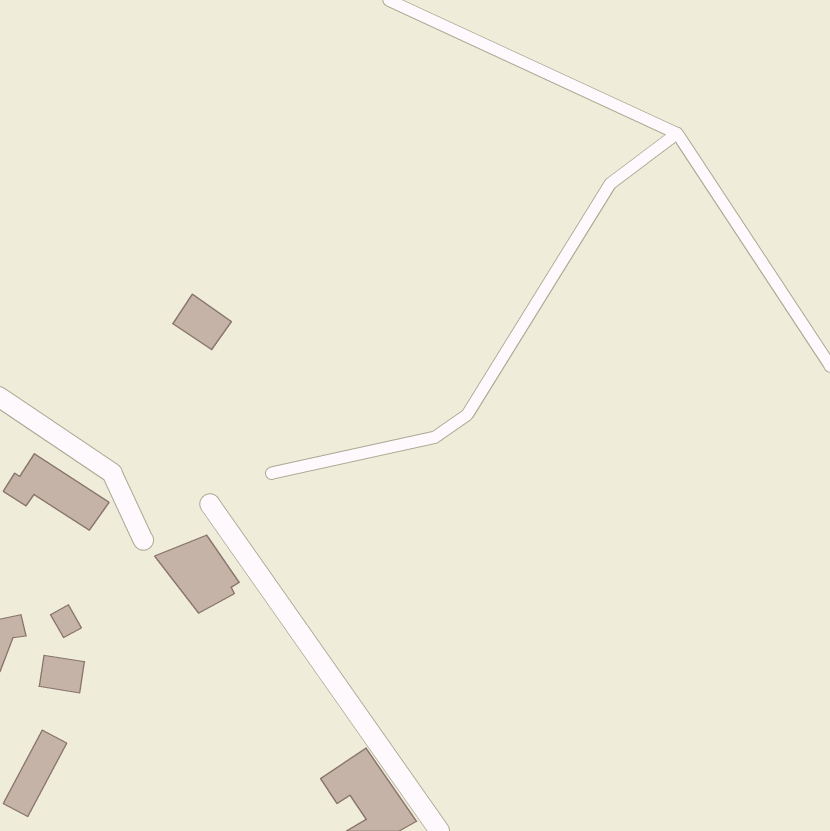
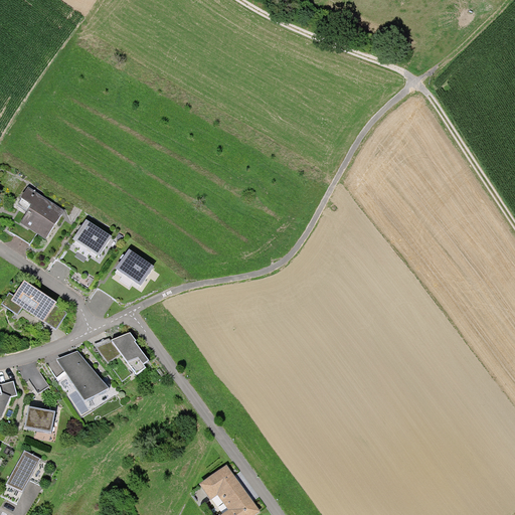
building: [173,294,231,350] -> [73,221,110,255]
building: none -> [17,188,62,236]
building: none -> [118,252,154,287]
building: none -> [56,352,109,401]

